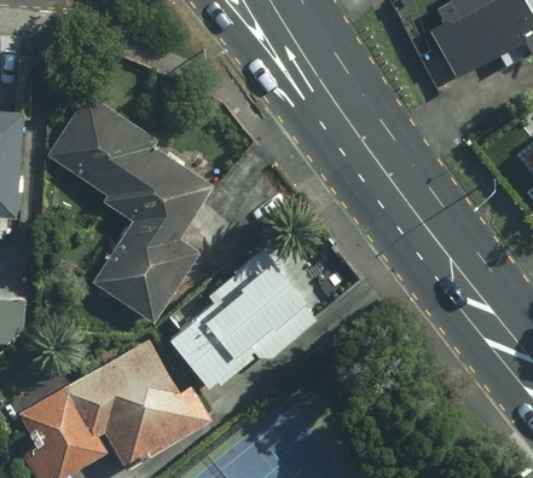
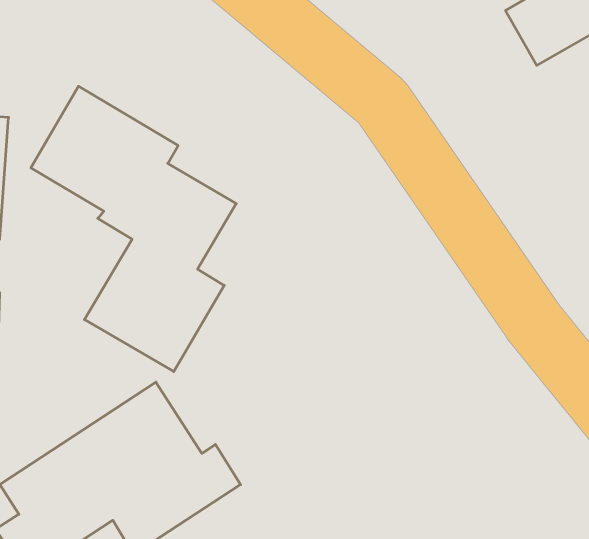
building: [170,249,312,387] -> none

